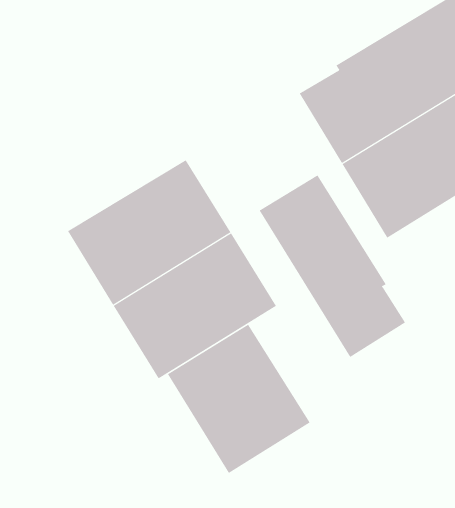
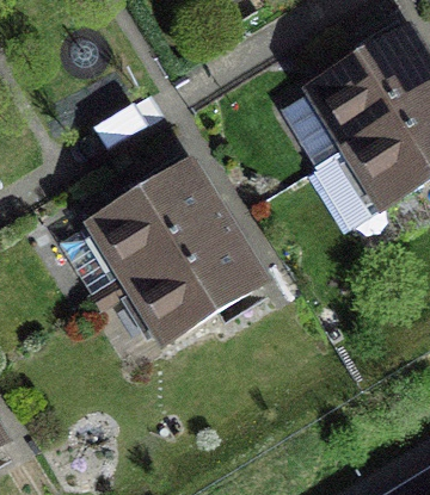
building: [259,175,406,358] -> none
building: [167,324,311,474] -> none

